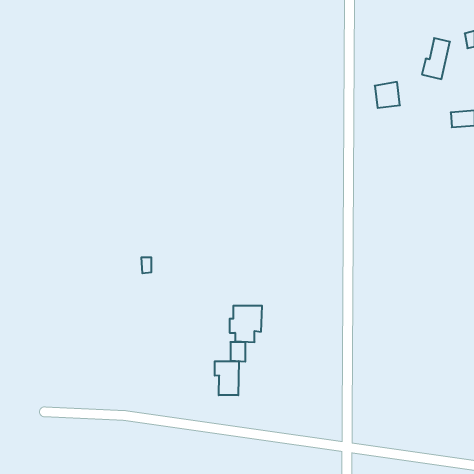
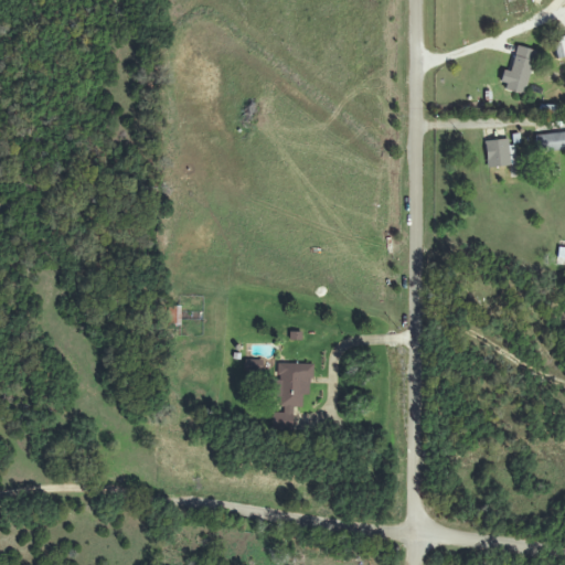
building: [375,82,400,108] -> [486,137,515,168]
building: [215,361,239,395] -> none

